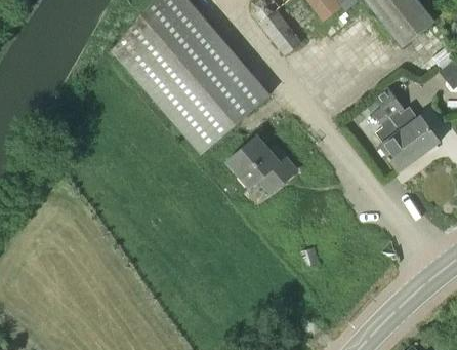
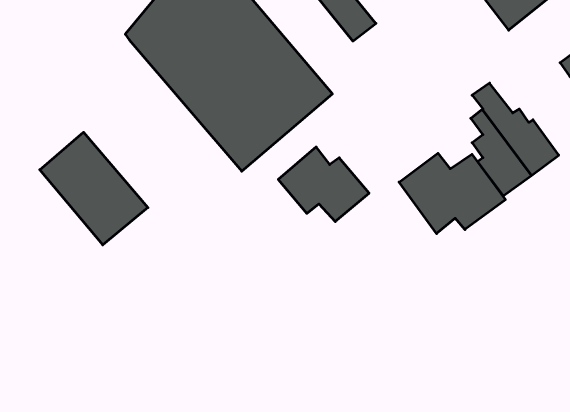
building: none -> [40,132,148,245]
building: none -> [399,153,505,234]

